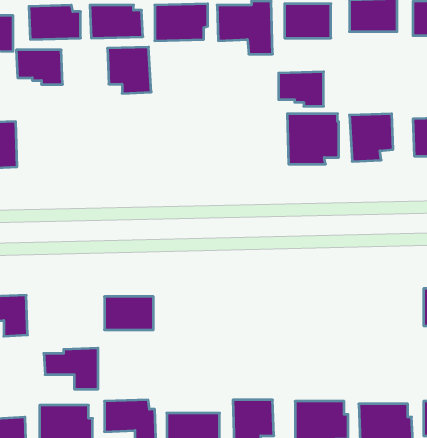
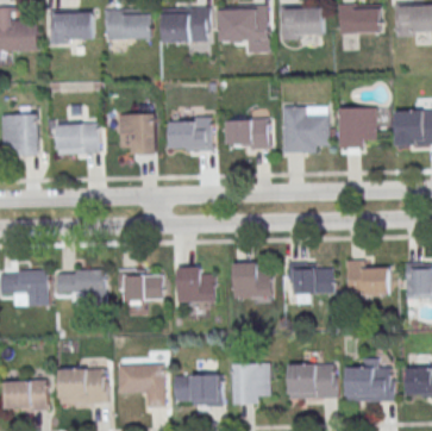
building: [107,47,151,93] -> [118,113,157,155]
building: [16,50,63,84] -> [57,124,99,155]
building: [279,72,324,106] -> [227,119,268,150]
building: none -> [170,117,212,151]
building: none -> [233,264,271,299]
building: none -> [346,264,388,295]
building: none -> [289,266,332,302]
building: none -> [176,268,214,302]
building: [44,348,98,389] -> [57,269,106,306]

